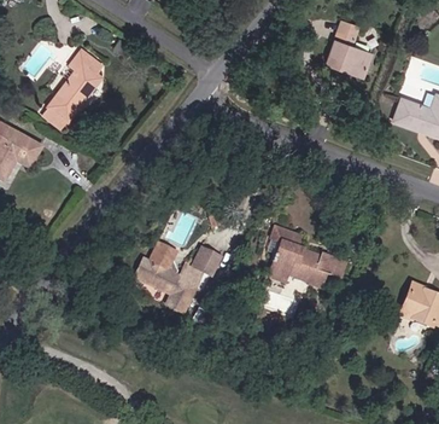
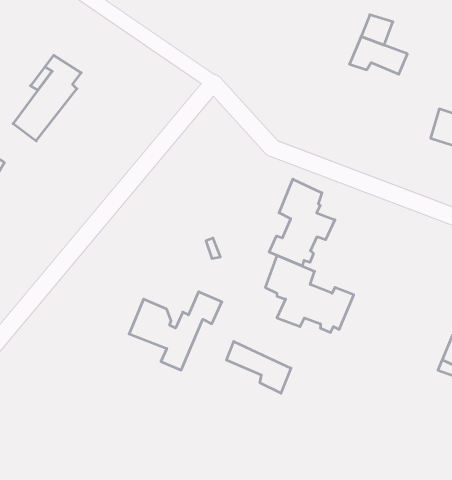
building: none -> [269,179,335,266]
building: none -> [226,341,291,393]

